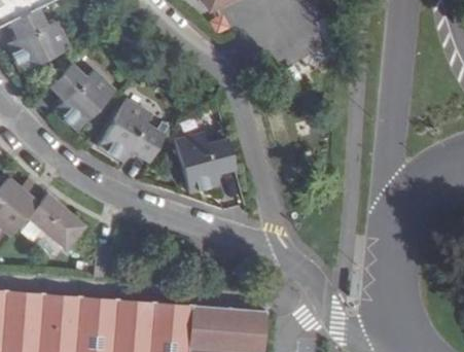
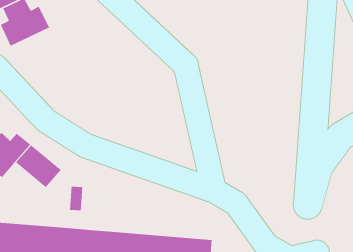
building: [48,66,114,132] -> none
building: [98,99,163,162] -> none
building: [174,132,235,192] -> none

